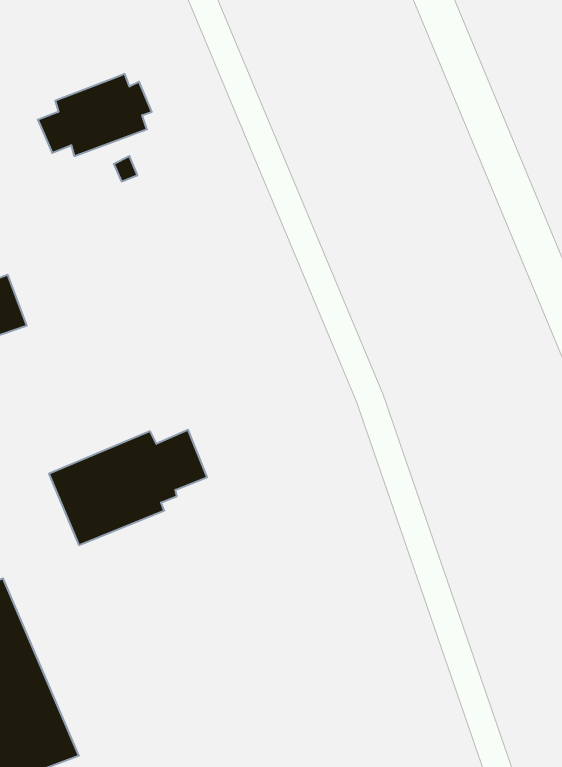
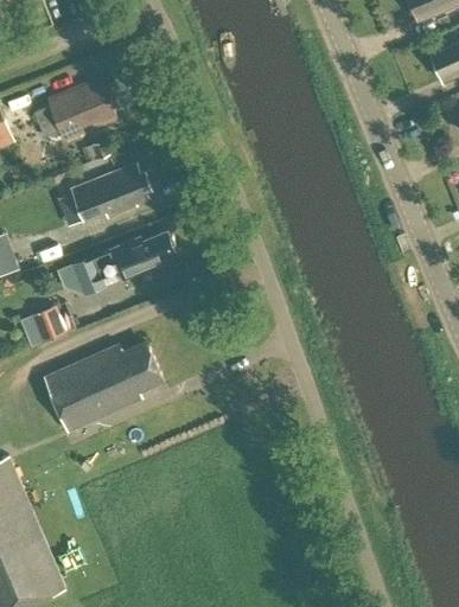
building: none -> [56,165,152,223]
building: none -> [75,234,174,294]
building: none -> [31,306,66,344]

